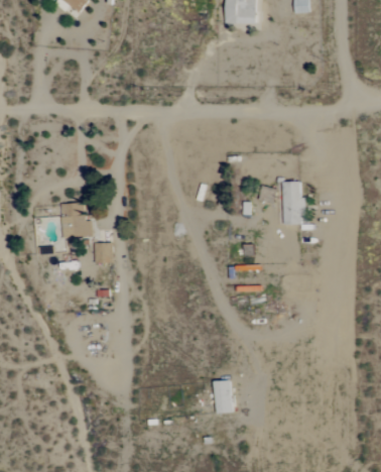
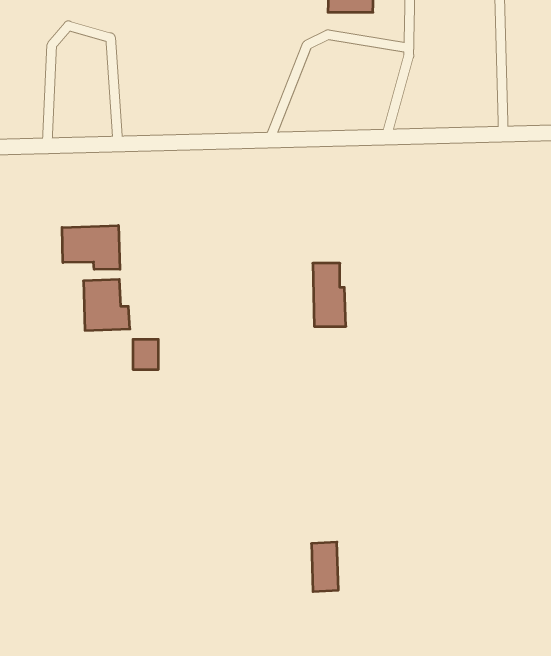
building: none -> [62,225,120,269]
building: [283,182,305,224] -> [313,263,346,326]

